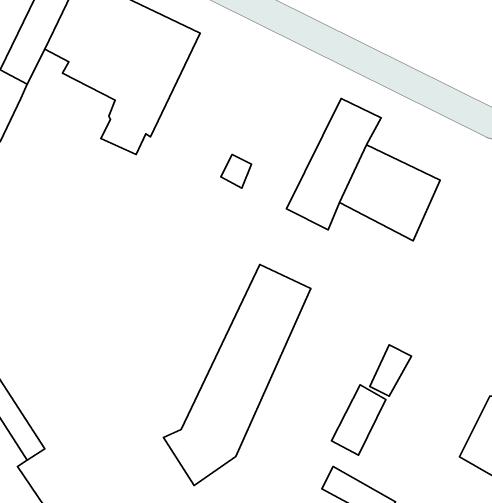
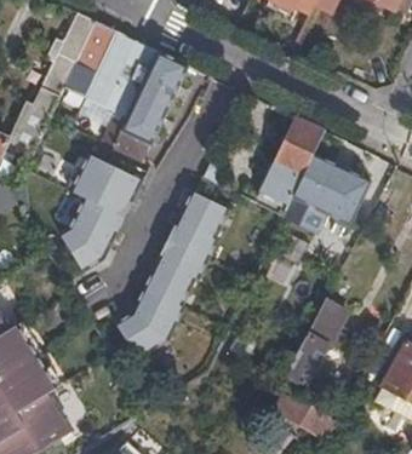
building: none -> [59,155,142,274]
building: [164,265,311,485] -> [118,191,229,358]

